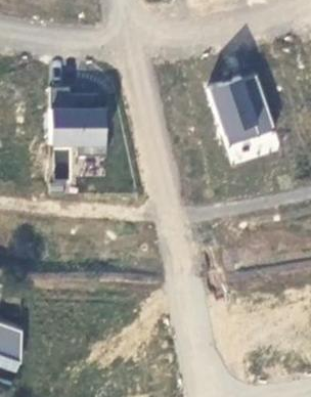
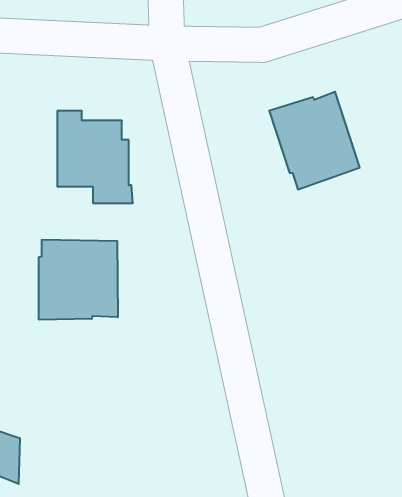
building: none -> [39,240,118,320]

